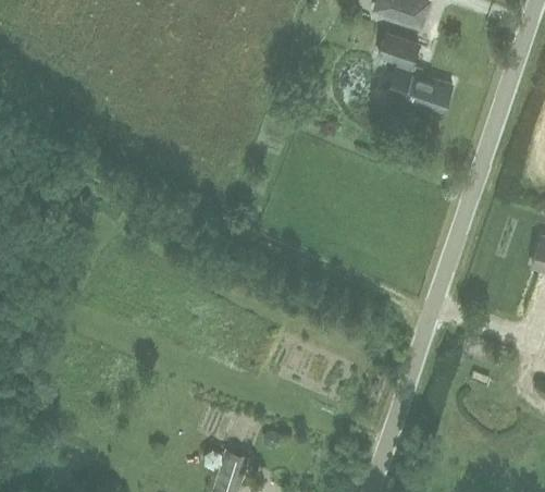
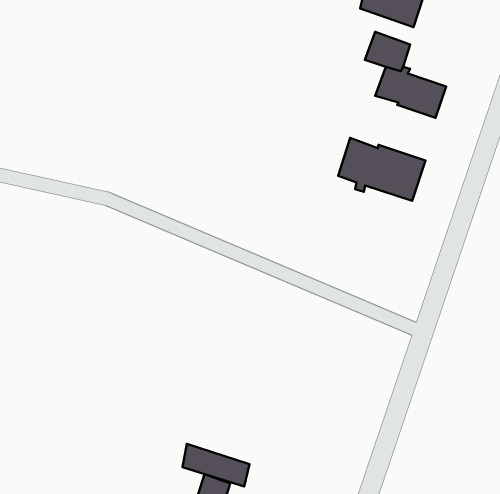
building: none -> [338,138,426,201]
building: none -> [183,444,250,487]

